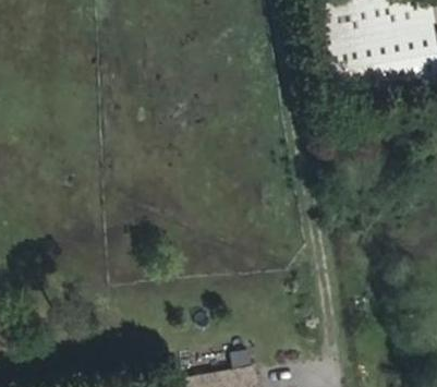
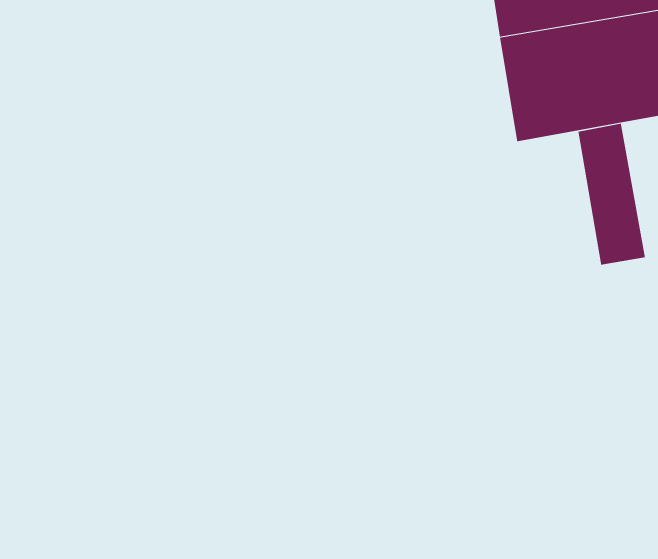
building: none -> [578,123,646,266]

